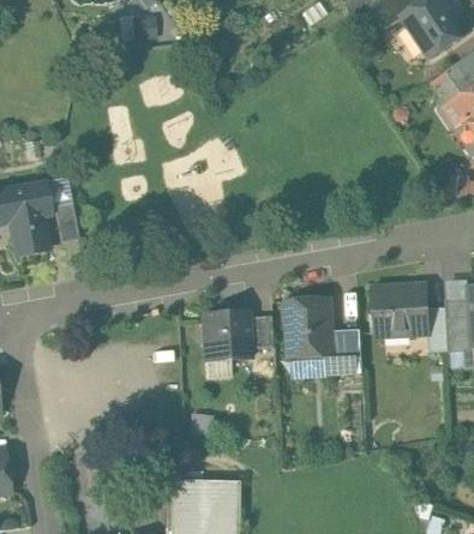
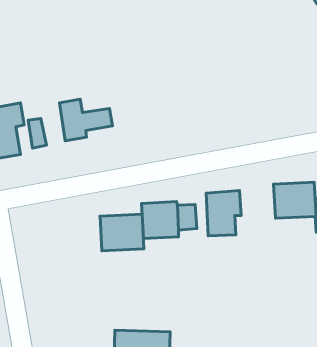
building: none -> [60,99,112,141]
building: none -> [100,214,144,251]
building: [323,329,361,370] -> none

